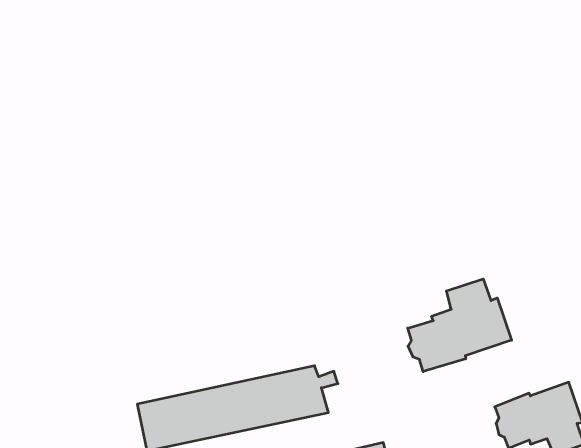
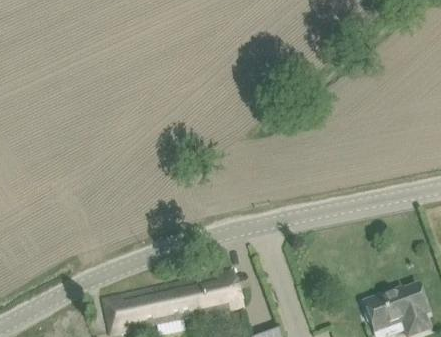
building: [408,279,512,372] -> none

